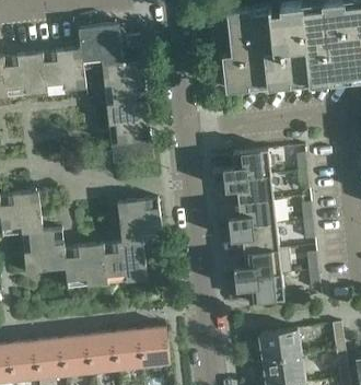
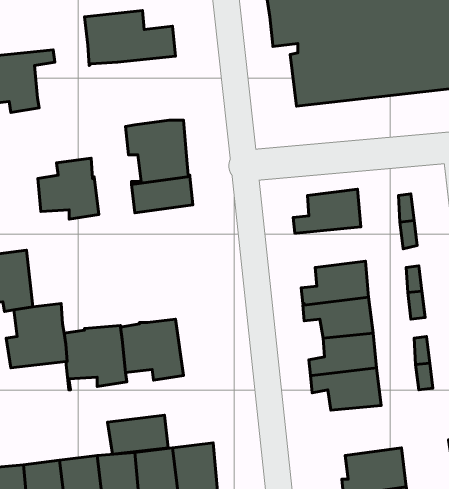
building: [43,49,85,92] -> [38,158,99,219]
building: [101,57,145,105] -> none
building: [224,176,273,205] -> none
building: [117,199,162,243] -> none
building: none -> [107,415,168,454]

